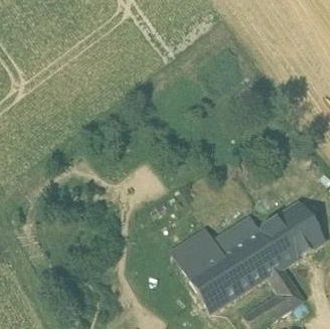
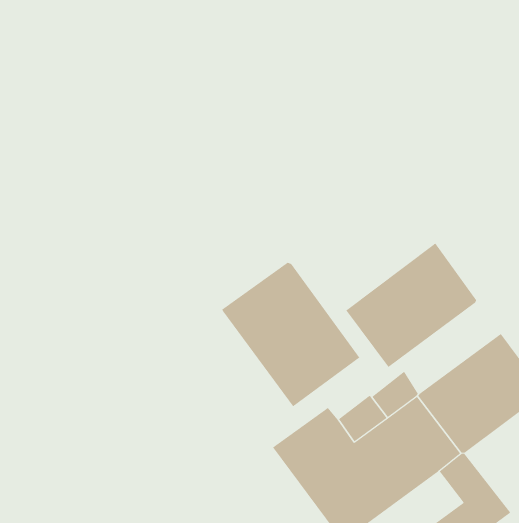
building: none -> [346,243,477,368]
building: none -> [221,262,360,407]

